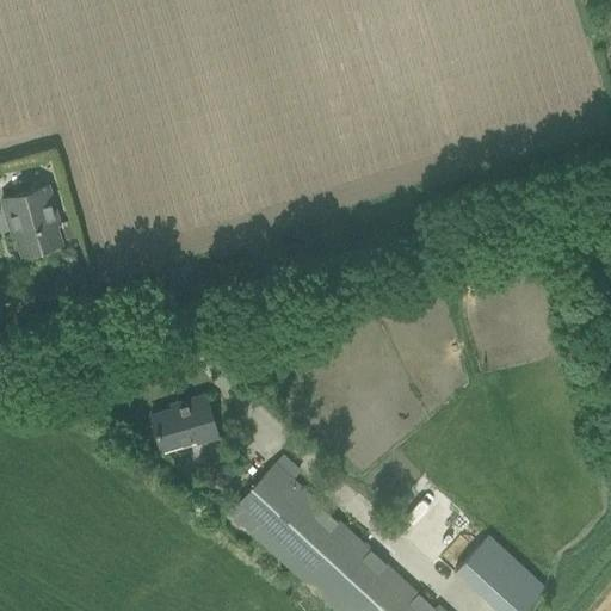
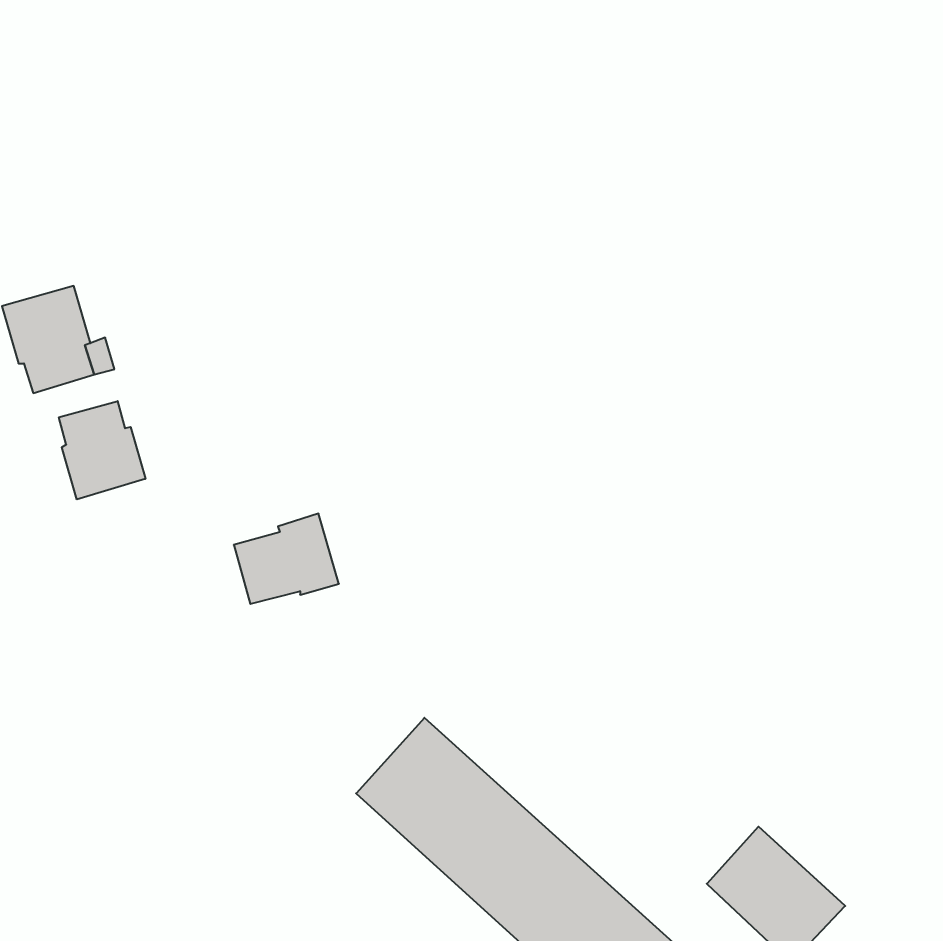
building: none -> [59,401,145,499]
building: [150,395,218,453] -> [234,514,339,604]

